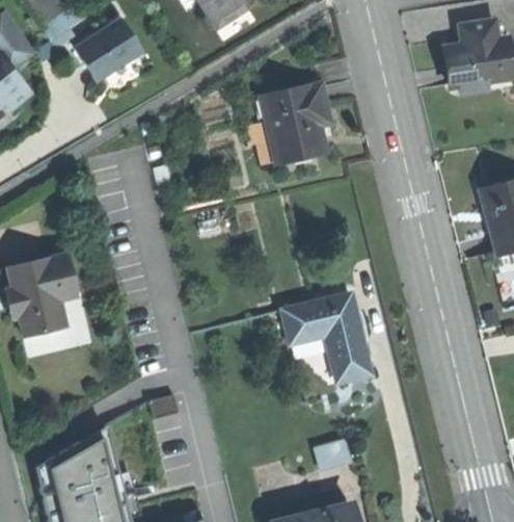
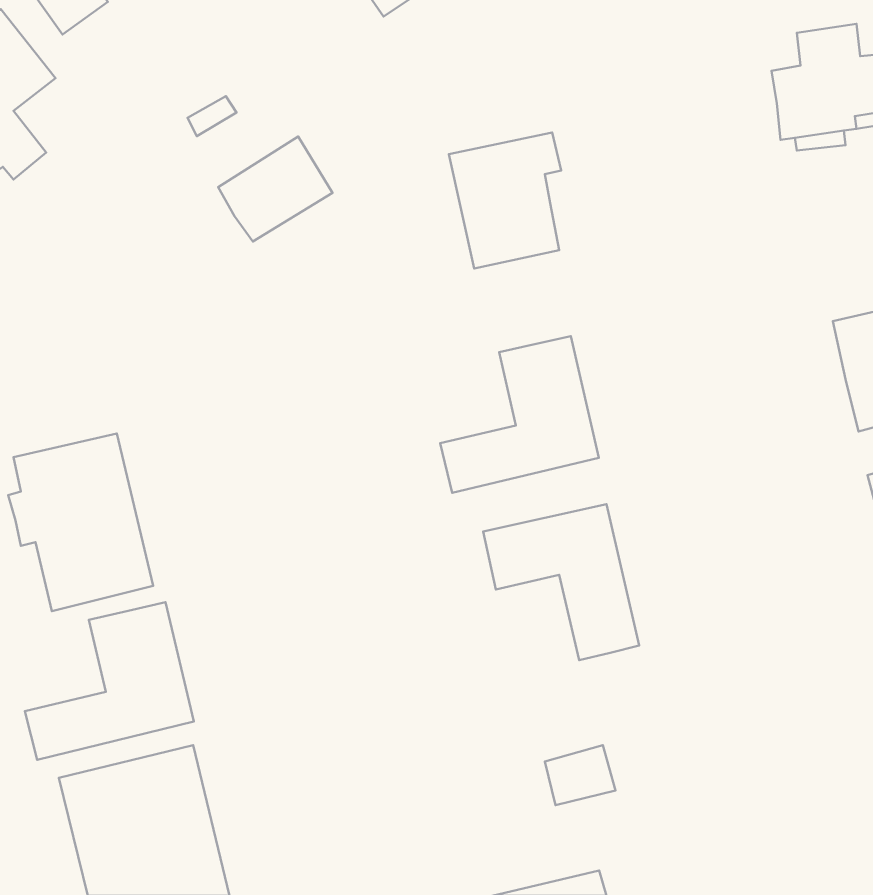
building: [75,20,140,80] -> [218,136,333,242]
building: none -> [440,336,599,493]
building: none -> [25,602,194,760]

